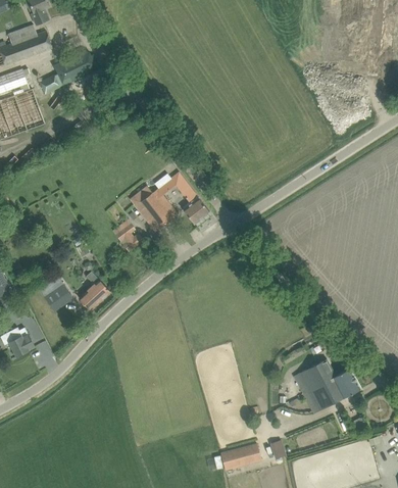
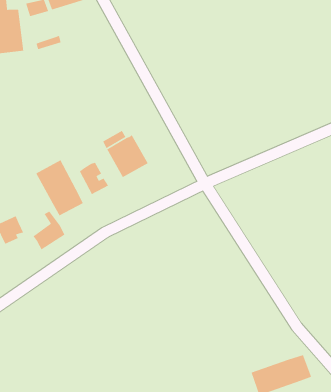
building: [157,172,209,224] -> none
building: none -> [35,159,84,216]
building: [293,358,335,393] -> none

